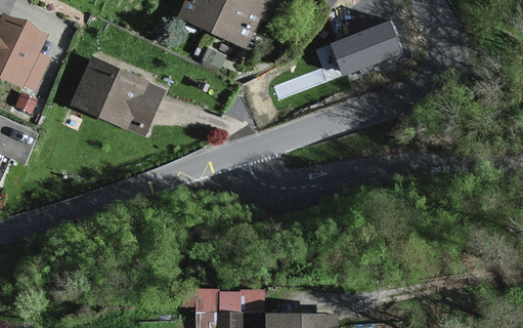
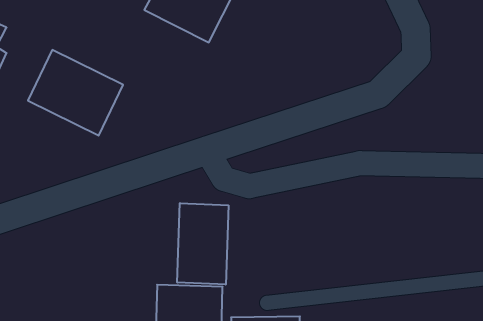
building: [334,24,400,72] -> none
building: none -> [177,203,228,285]

